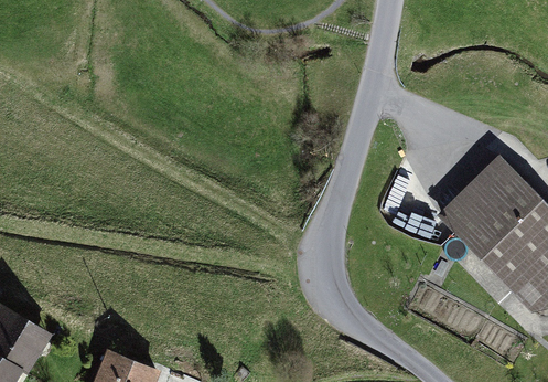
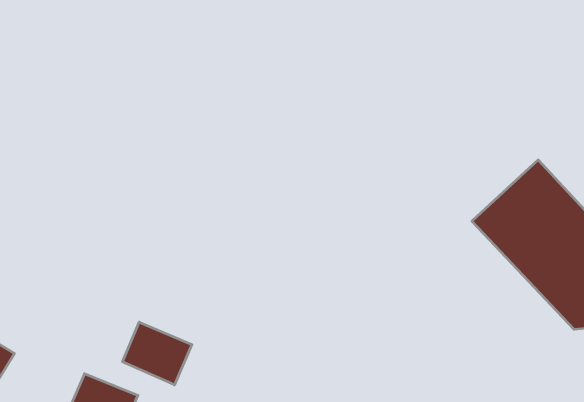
building: none -> [123,322,192,385]

